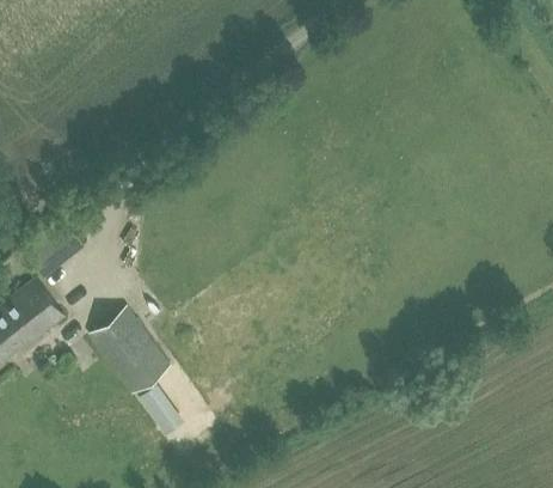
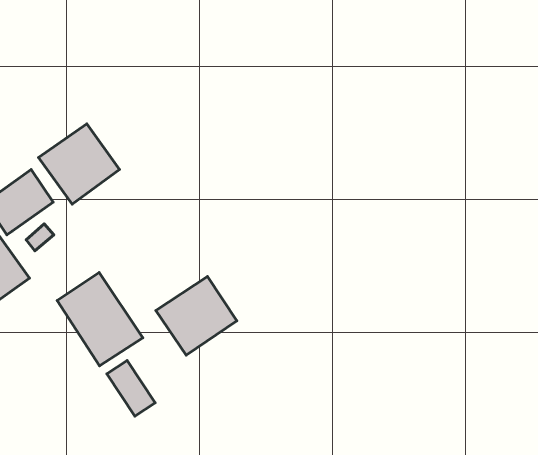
building: none -> [39,124,119,204]
building: none -> [156,277,237,355]

